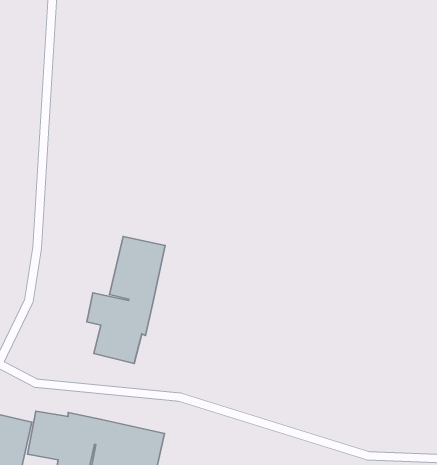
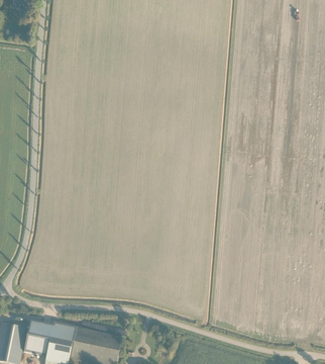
building: [87,236,165,363] -> none

